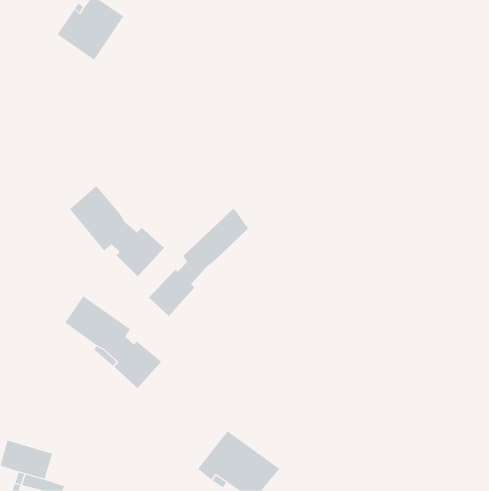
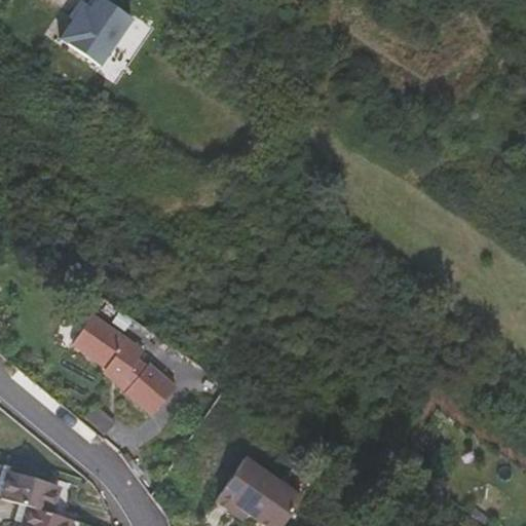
building: [69,185,165,277] -> none
building: [148,208,249,317] -> none

